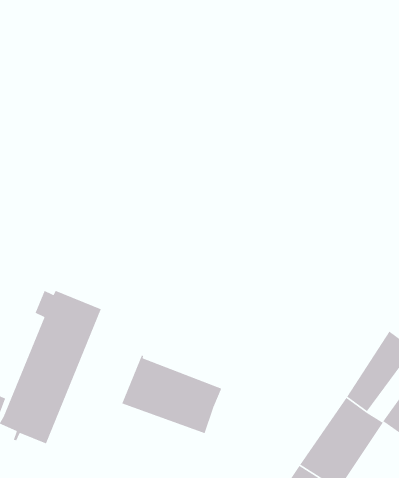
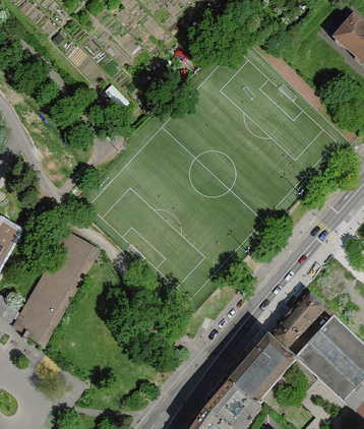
building: [121,354,222,434] -> none

